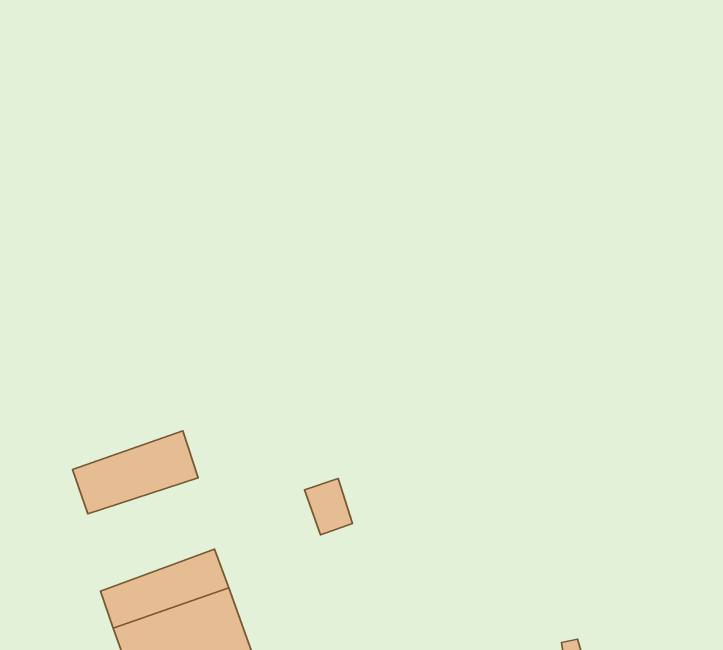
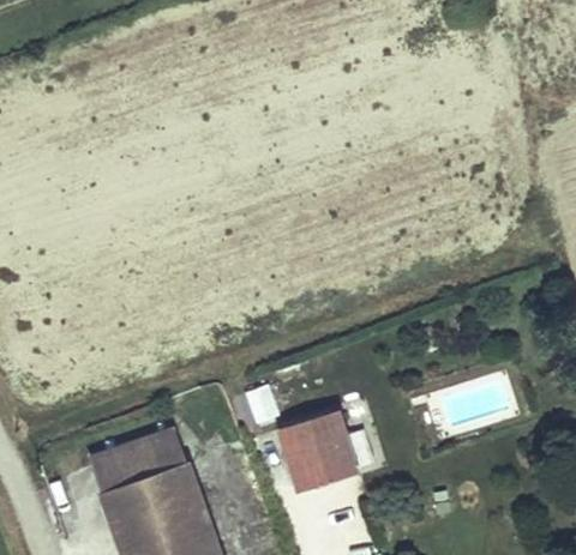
building: [72,431,198,514] -> none
building: none -> [274,411,355,490]

